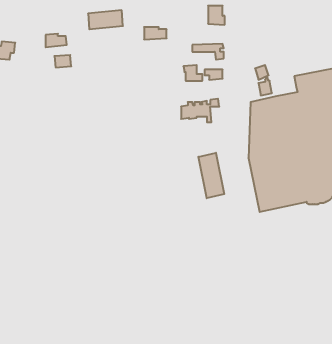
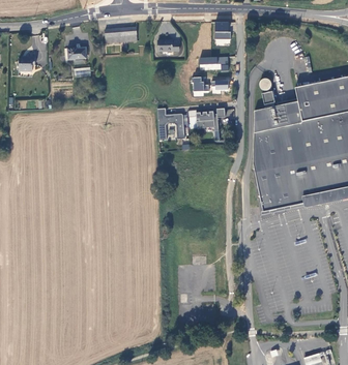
building: none -> [157,107,184,139]
building: [198,153,224,198] -> none

